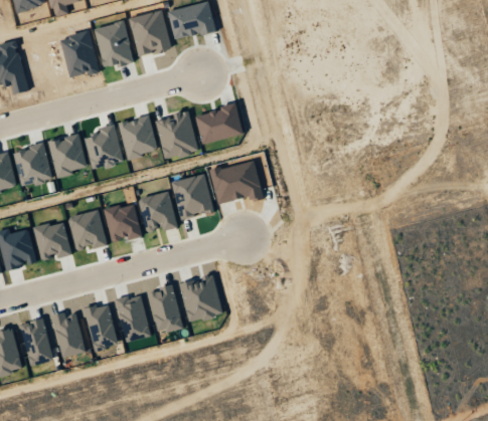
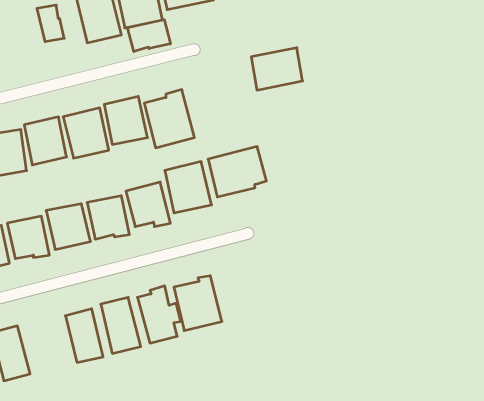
building: none -> [127,20,170,52]
building: [196,106,241,143] -> [251,48,303,90]
building: [51,311,86,357] -> none

